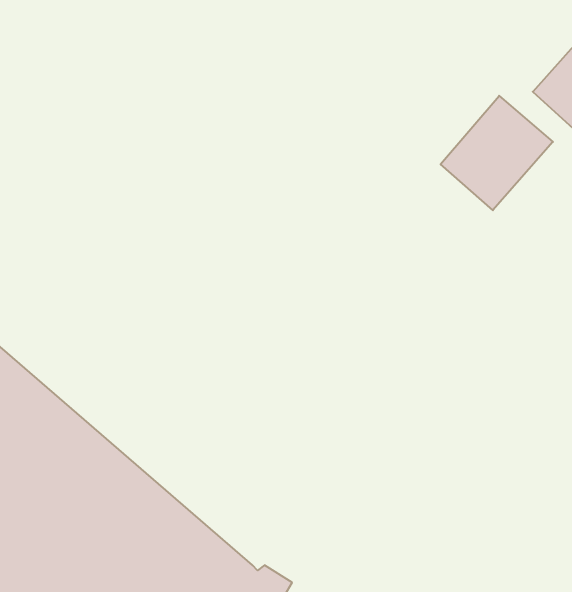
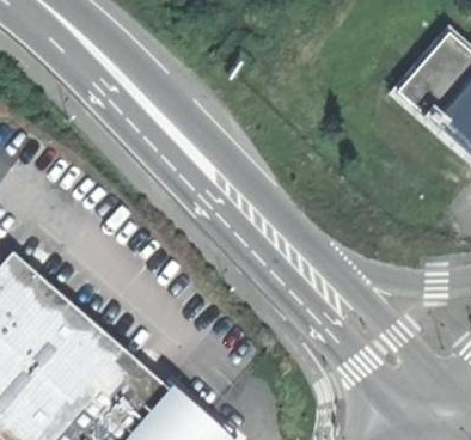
building: [441,96,553,210] -> none

